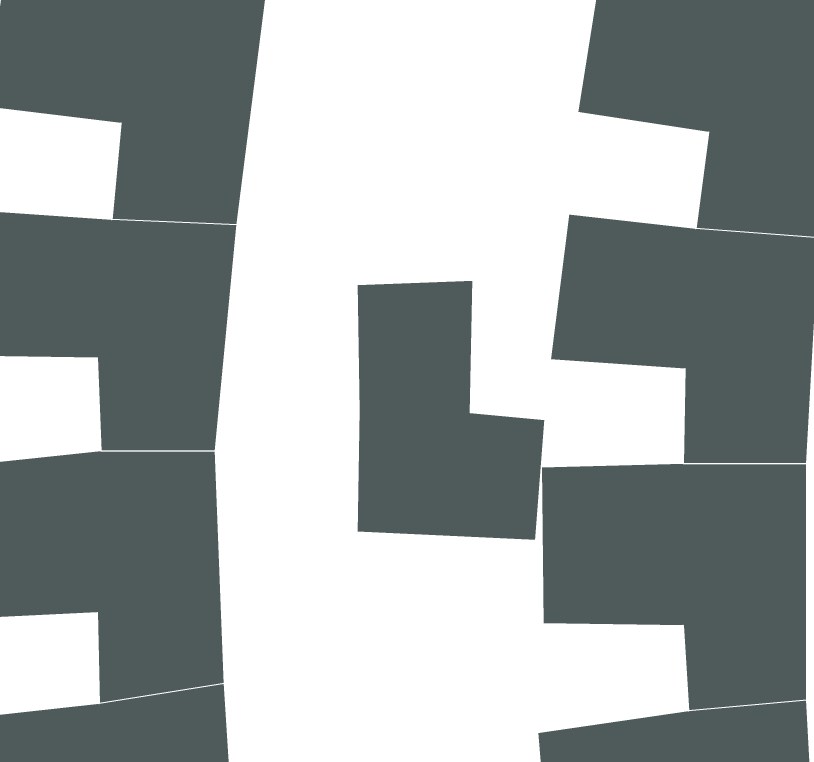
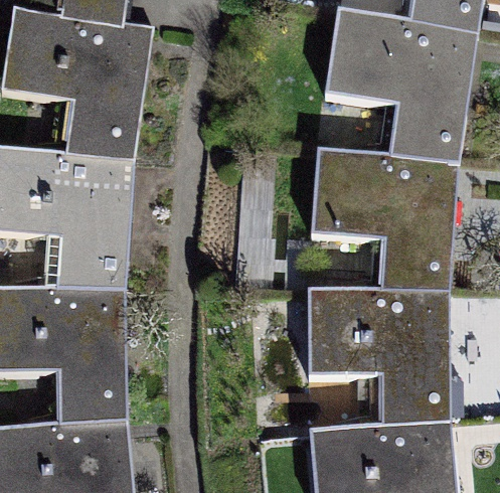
building: [357,280,545,541] -> none

